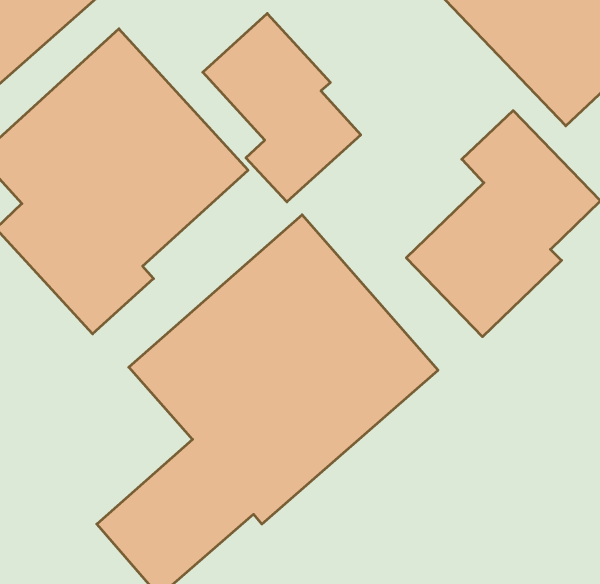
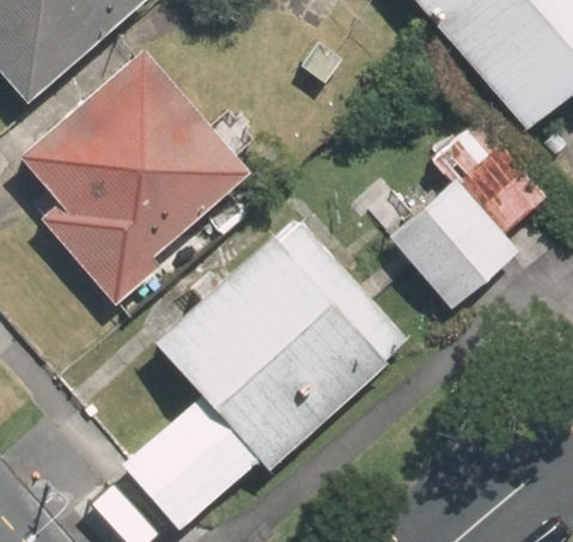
building: [203,13,361,202] -> none

